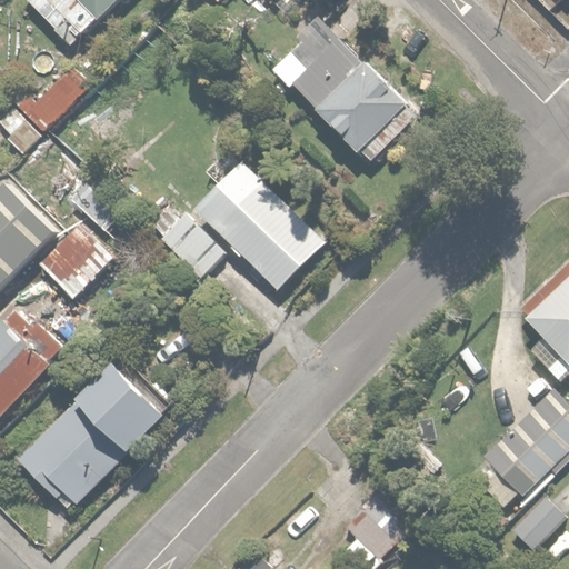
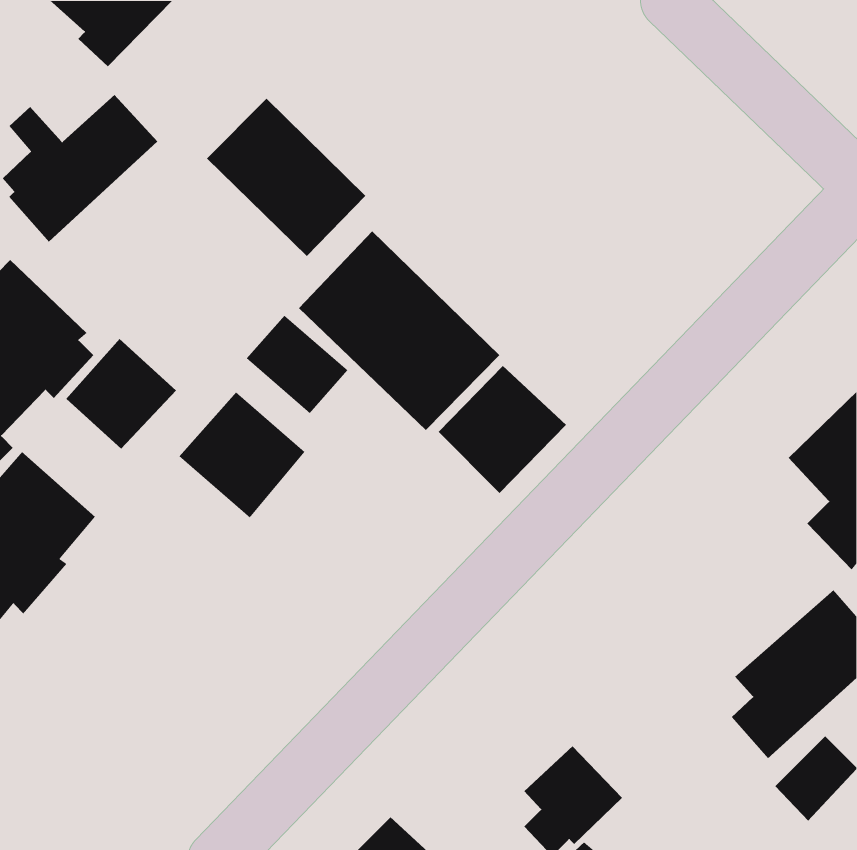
building: [269,17,412,163] -> none
building: none -> [206,98,366,257]
building: none -> [438,365,567,494]
building: none -> [178,392,305,518]
building: [16,359,167,509] -> none

